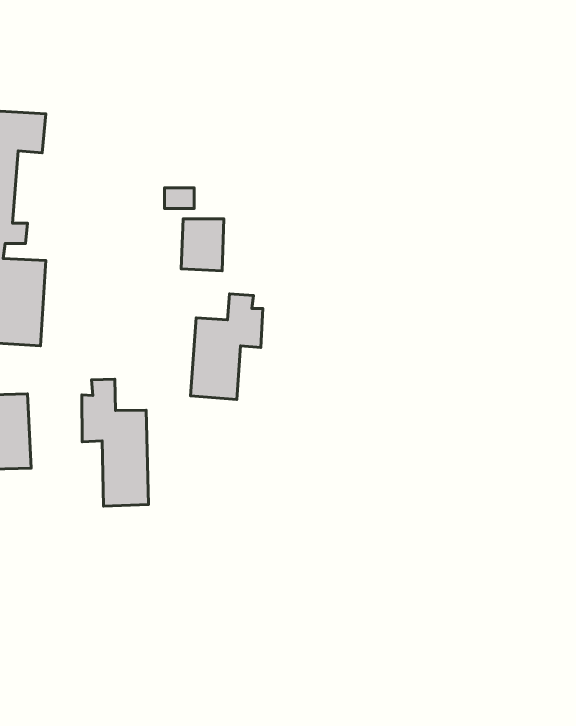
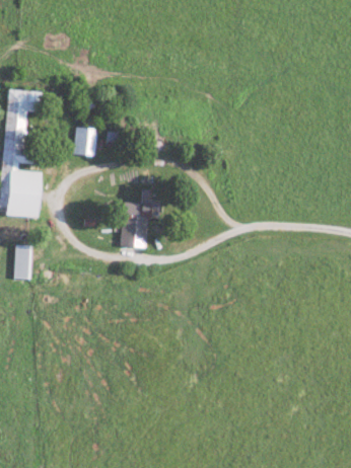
building: [181,219,224,271] -> [74,128,97,156]
building: [82,379,149,506] -> none

